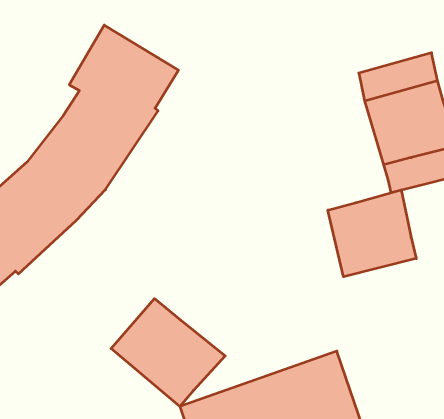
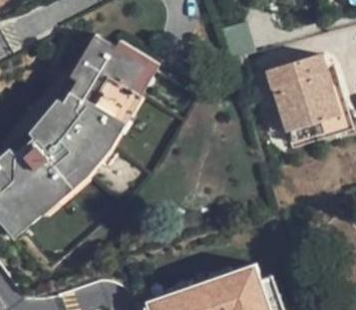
building: [328,190,416,277] -> none
building: [111,299,225,406] -> none

